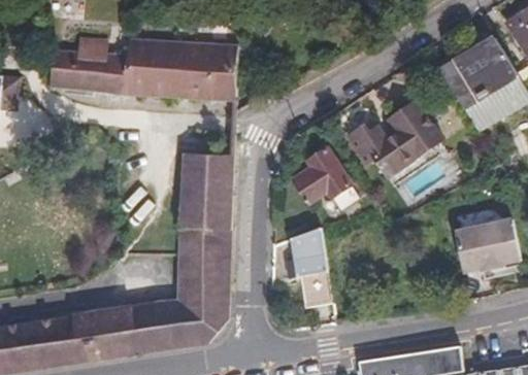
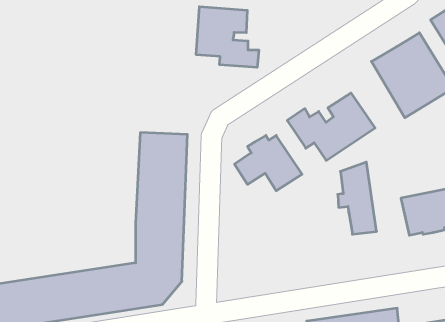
building: none -> [196,7,259,67]
building: [47,38,235,101] -> none
building: [288,235,331,315] -> [338,162,377,234]

